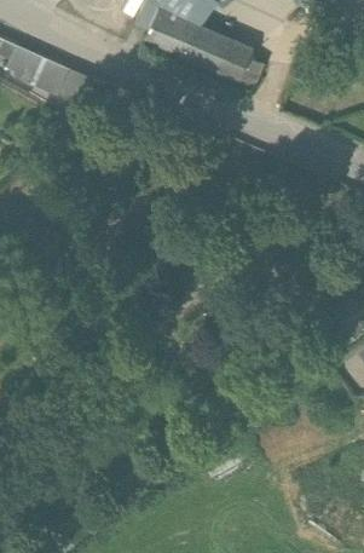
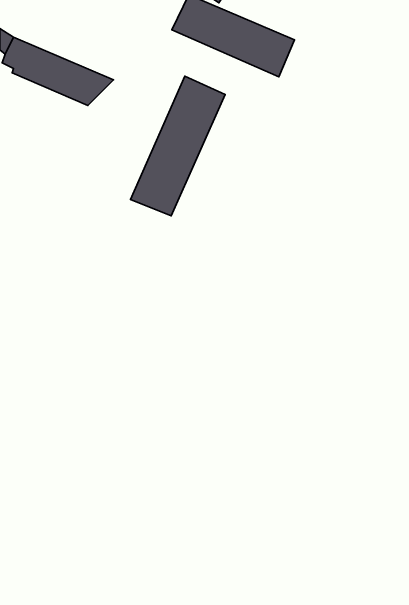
building: none -> [131,76,225,216]

